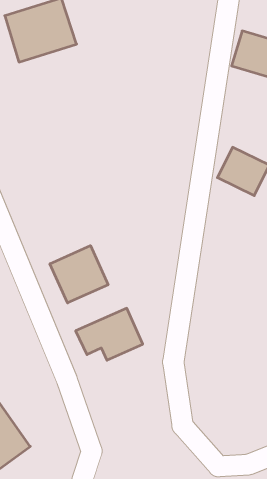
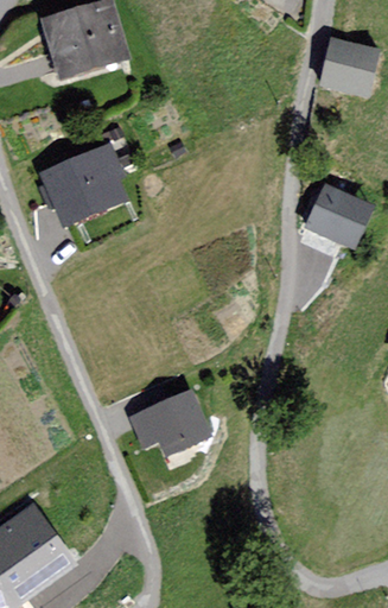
building: none -> [40,148,113,217]
building: [50,246,108,303] -> none

